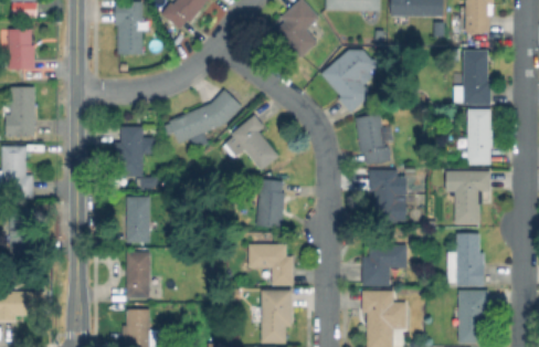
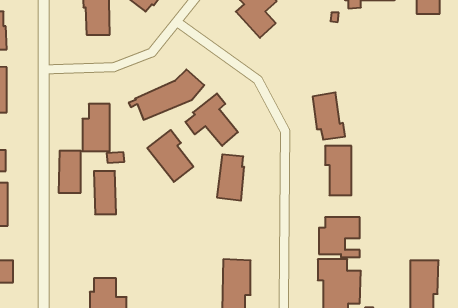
building: [320,50,377,111] -> none
building: [453,50,490,103] -> none
building: [467,109,493,165] -> none
building: none -> [147,130,193,182]
building: [454,171,489,223] -> none
building: [446,233,484,285] -> none
building: [249,244,293,285] -> none
building: [126,252,149,296] -> [59,151,81,193]

